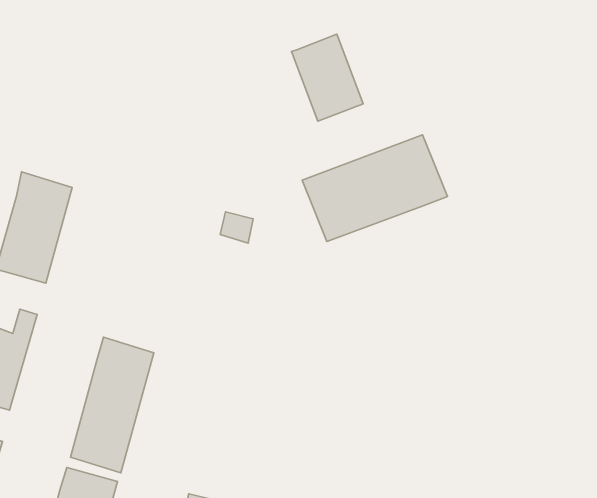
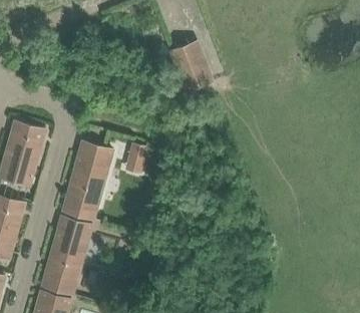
building: [302,135,447,241] -> none
building: none -> [65,144,113,217]

